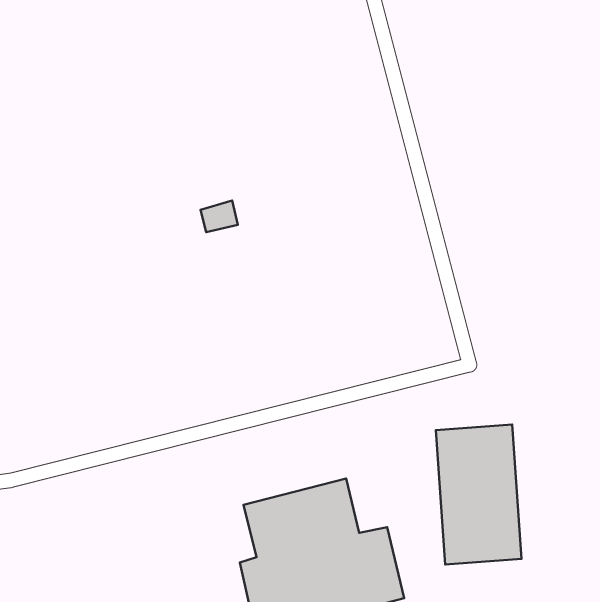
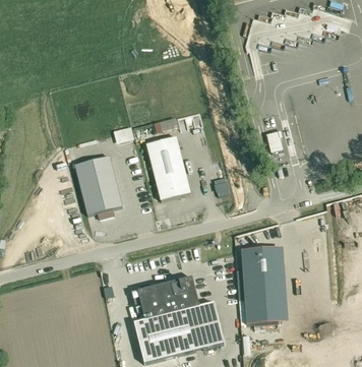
building: none -> [145,133,187,197]
building: none -> [73,152,119,217]

